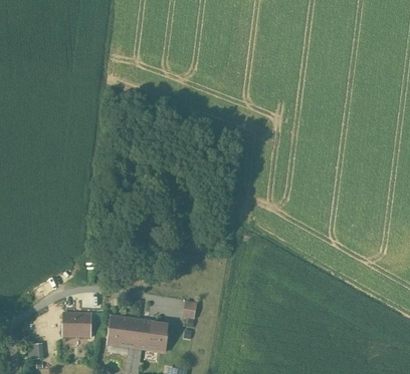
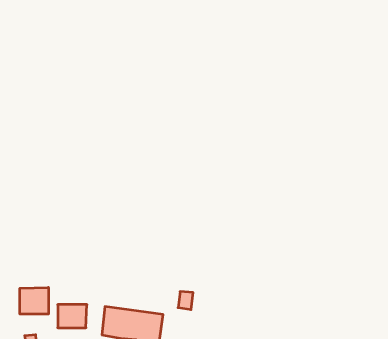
building: none -> [20,287,48,314]

